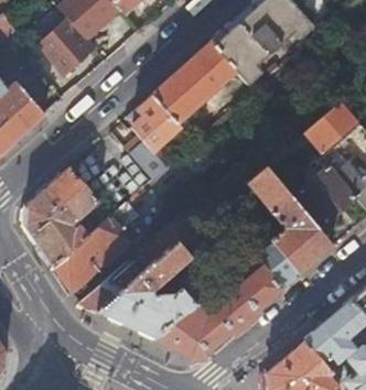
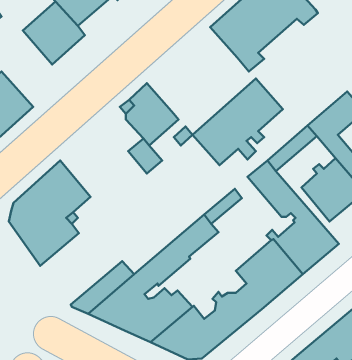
building: [152,41,237,122] -> [193,79,283,165]
building: [52,191,143,294] -> none

